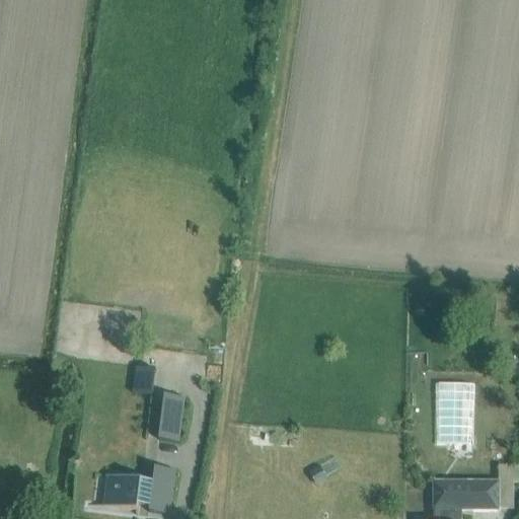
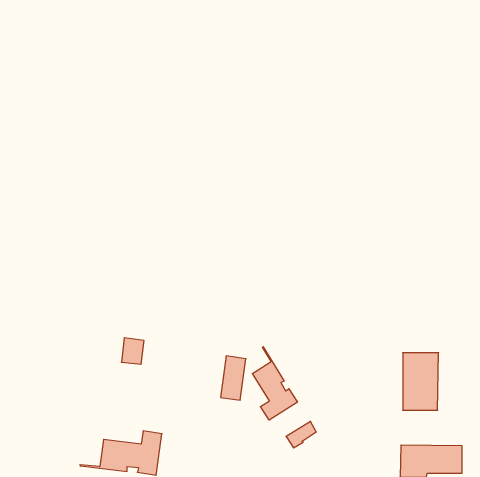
building: none -> [252,347,297,420]
building: [157,392,184,440] -> [221,356,246,400]

